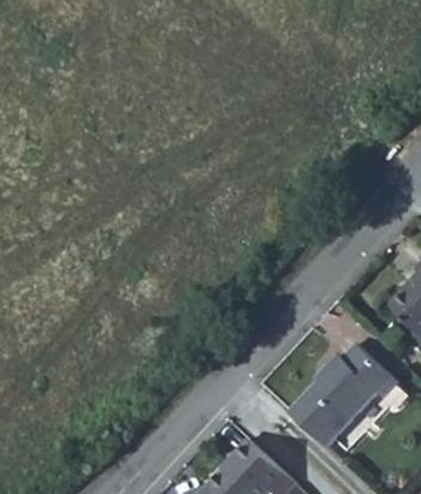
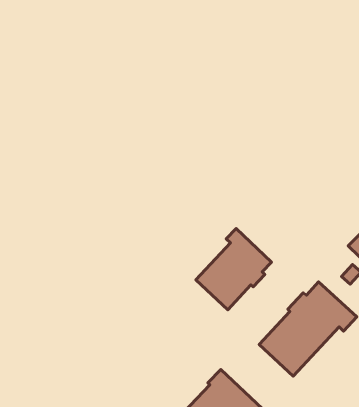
building: none -> [196,228,272,310]

